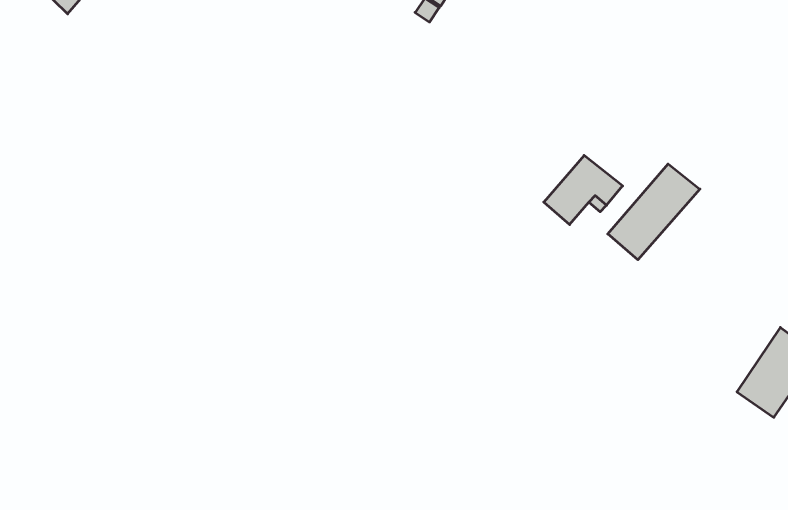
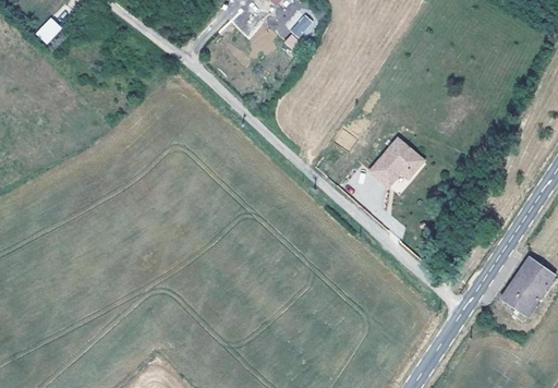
building: [608,164,700,260] -> none

